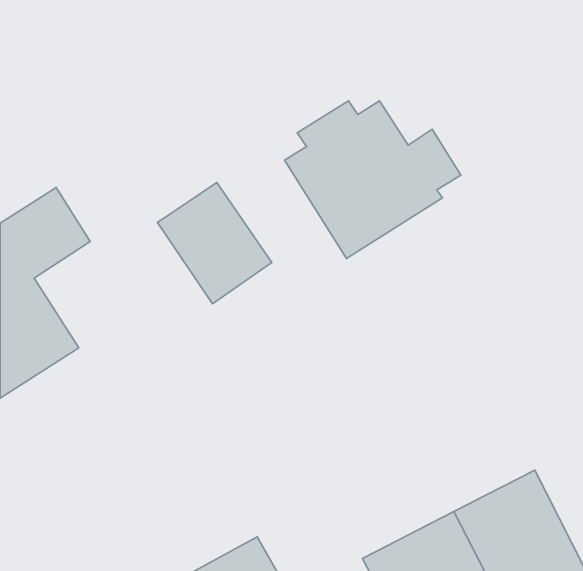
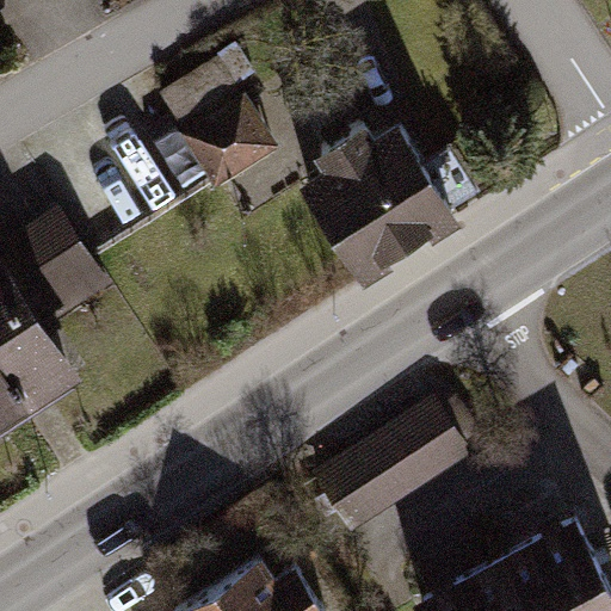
building: [158,183,272,304] -> [161,67,280,193]
building: none -> [316,413,471,547]

